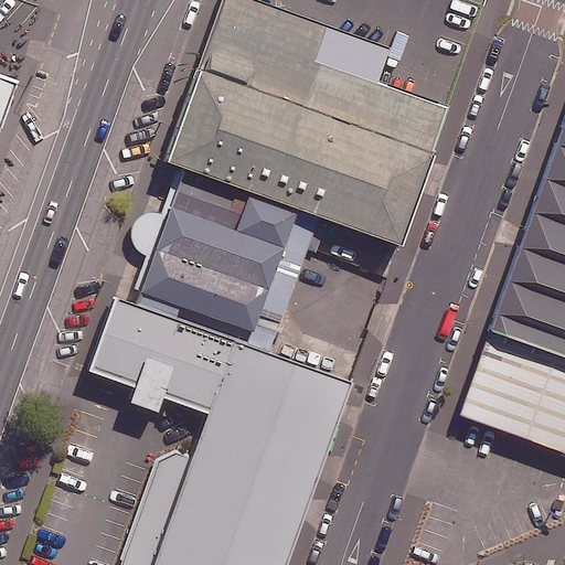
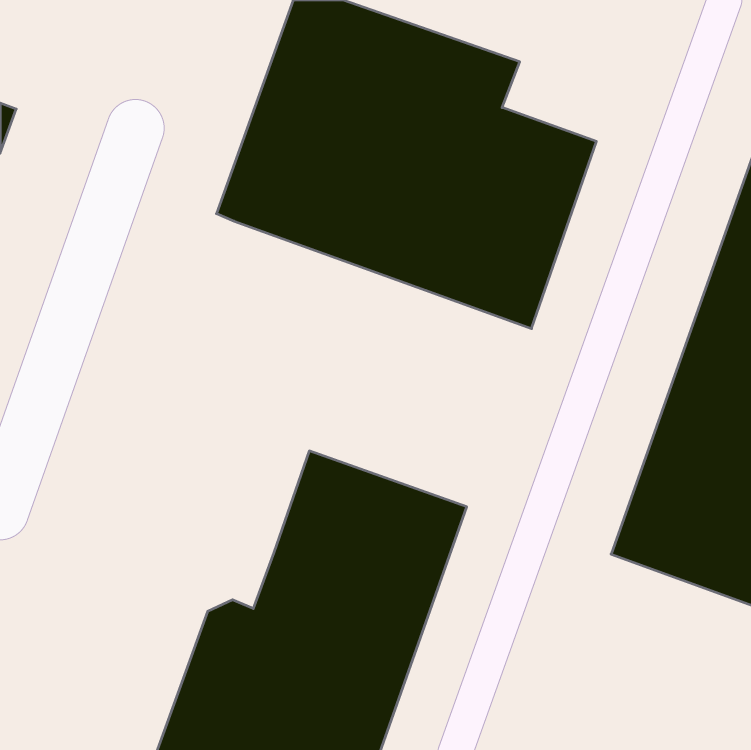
building: [135,168,320,337] -> none
building: [85,297,233,416] -> none

